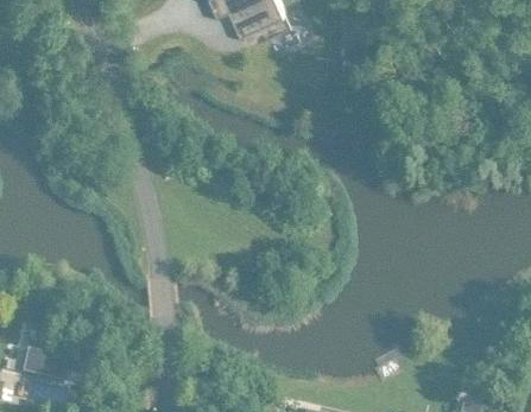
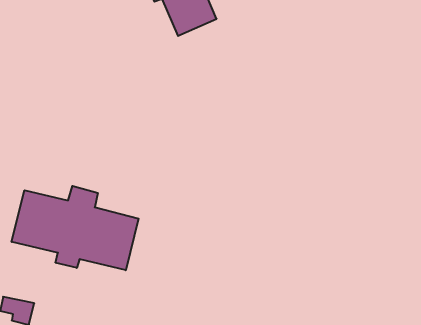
building: none -> [12,186,139,270]

